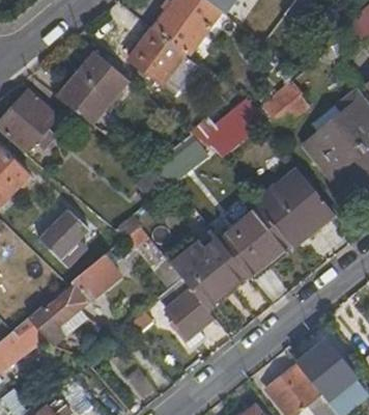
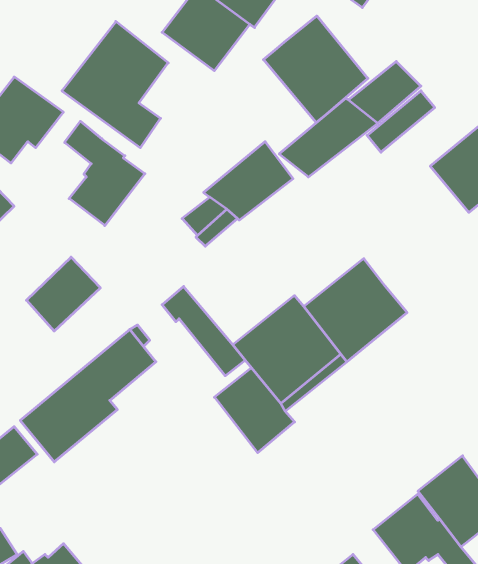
building: none -> [263,16,368,122]
building: none -> [65,121,145,226]
building: [258,170,334,246] -> none

